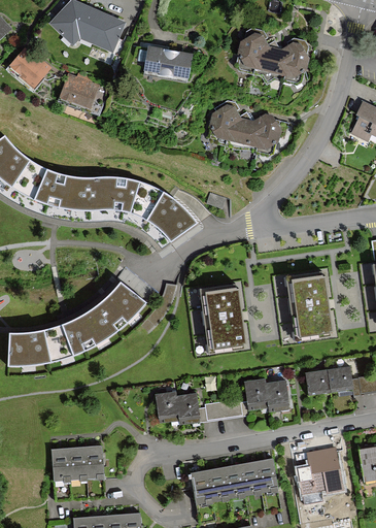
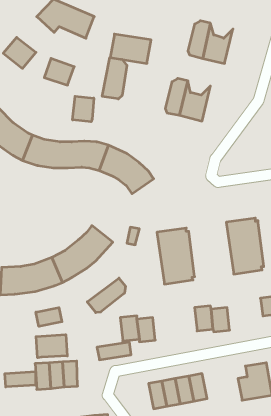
building: [283,38,311,85] -> none
building: none -> [102,57,127,99]
building: [255,108,282,155] -> none
building: none -> [73,96,94,122]
building: none -> [87,278,125,313]
building: [306,370,331,395] -> none
building: none -> [36,308,62,326]
building: [202,400,244,422] -> [97,342,131,360]
building: none -> [36,335,67,358]
building: [255,460,278,494] -> none
building: none -> [5,372,36,387]

